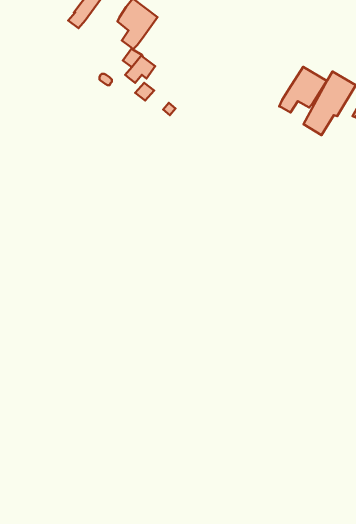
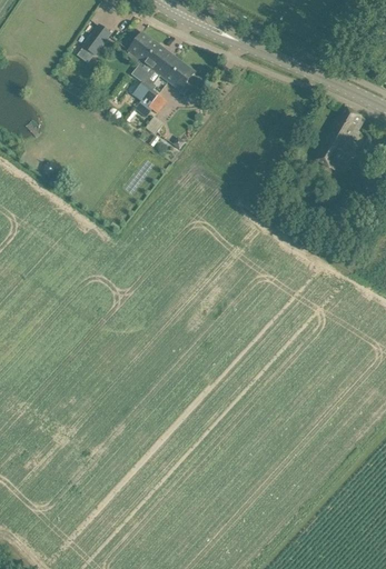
building: none -> [155,51,196,90]
building: [279,67,327,113] -> none

